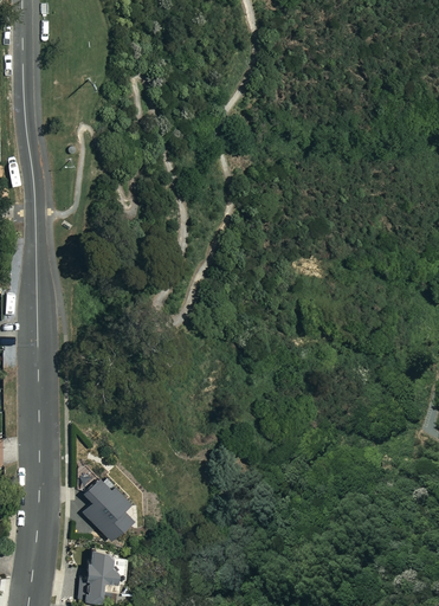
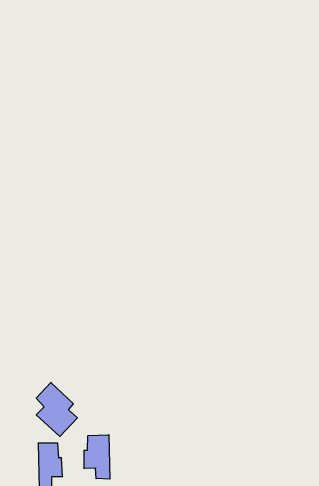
building: none -> [84,435,110,479]

